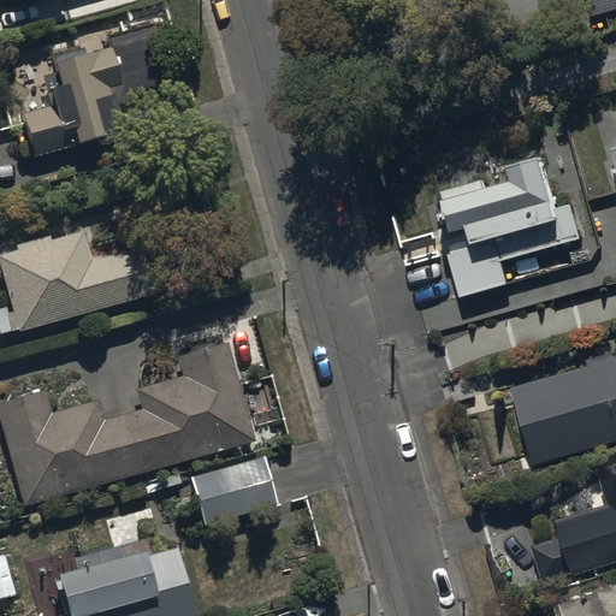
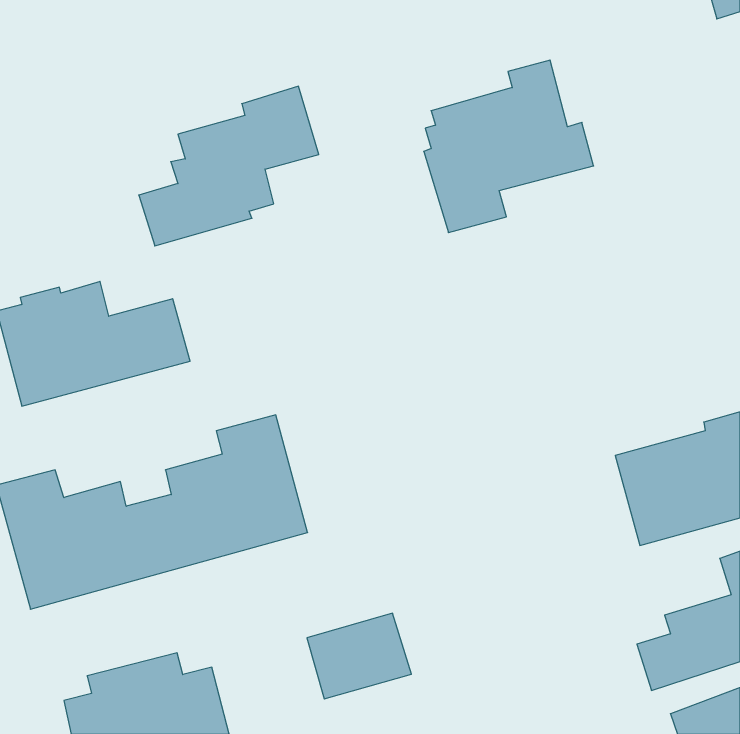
building: [22,25,171,158] -> [139,86,319,246]
building: [439,141,580,284] -> [424,60,594,233]
building: [191,457,278,528] -> [307,613,411,699]

